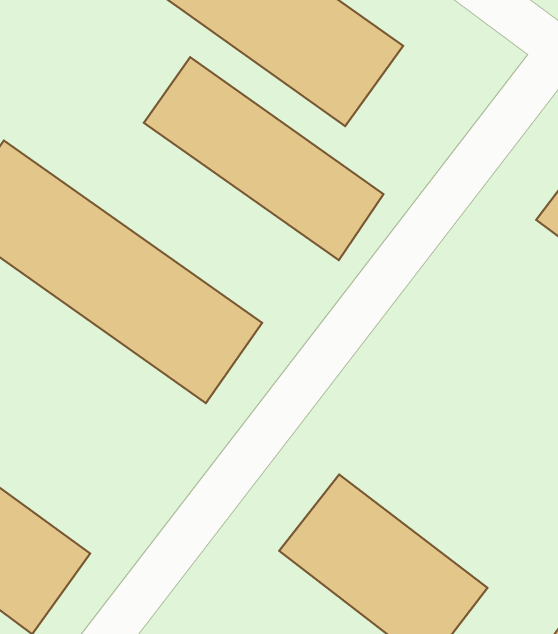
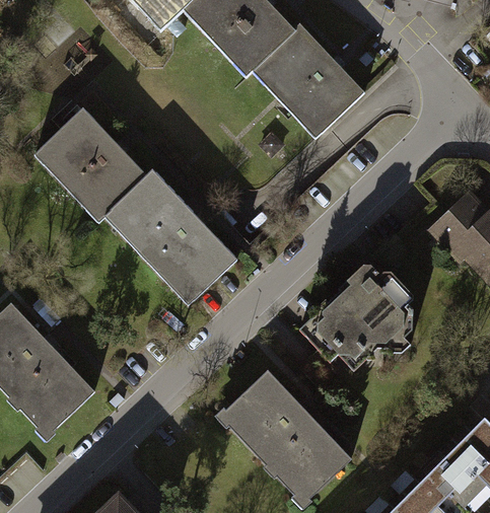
building: [144,57,384,260] -> none
building: none -> [298,267,413,373]

